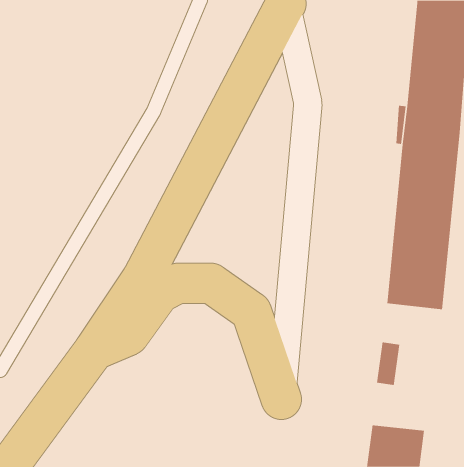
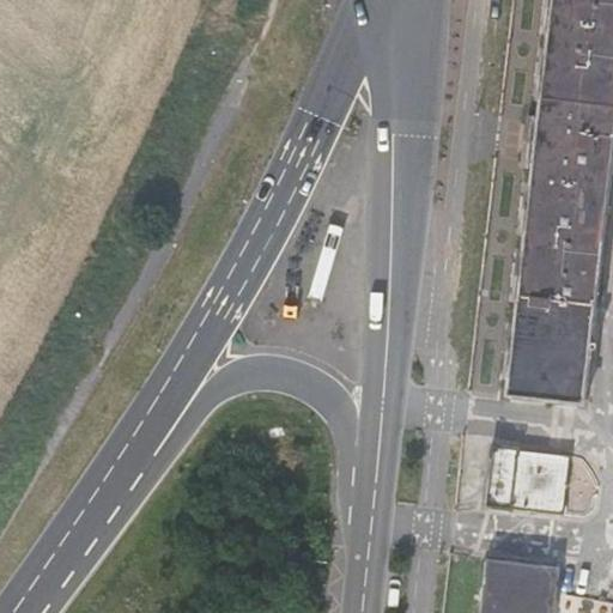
building: none -> [521,451,583,514]

